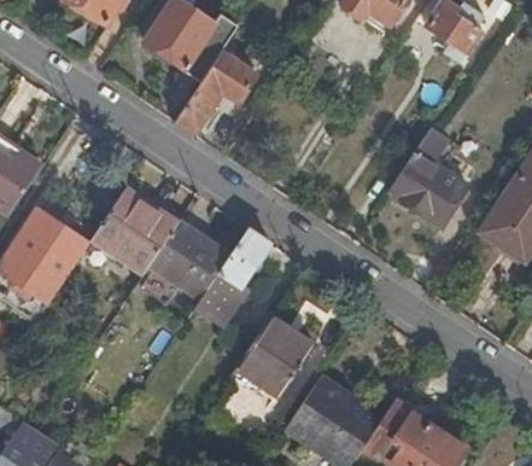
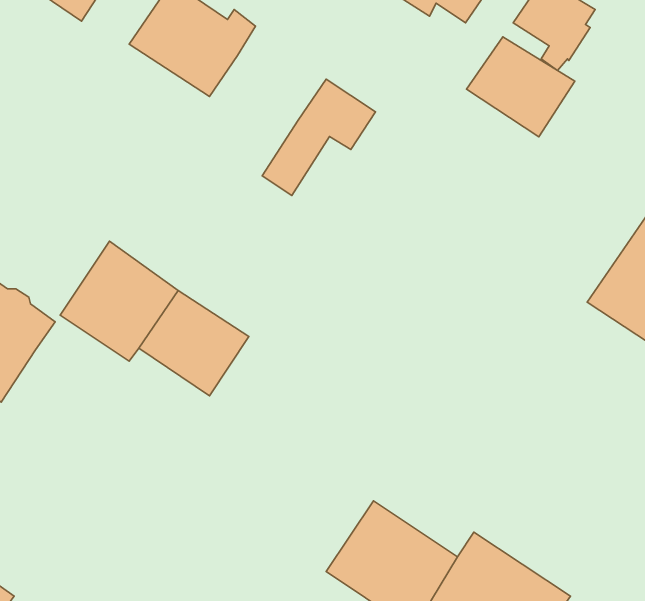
building: [174,49,257,135] -> [262,79,375,196]
building: [387,152,467,226] -> [467,37,575,137]
building: [194,228,269,327] -> none
building: [235,316,315,398] -> none

